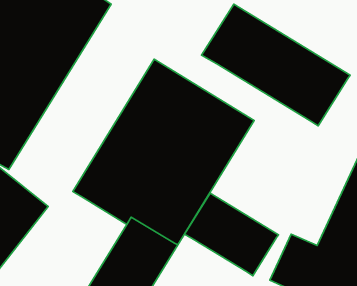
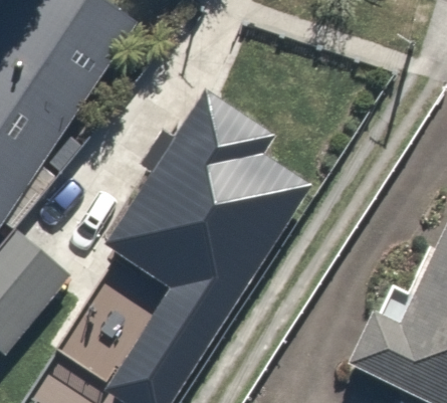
building: [202,4,350,126] -> none
building: [184,193,278,276] -> none

